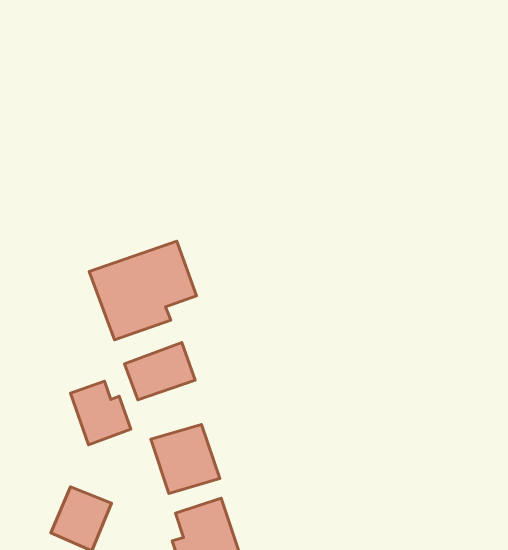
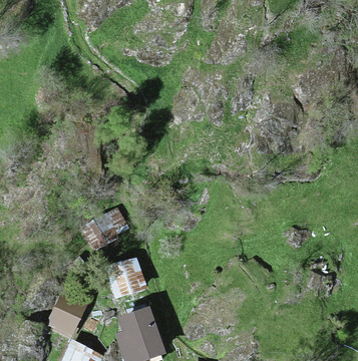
building: [89,241,197,340] -> none
building: [70,381,131,445] -> none

